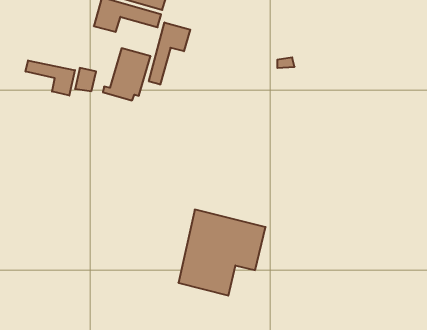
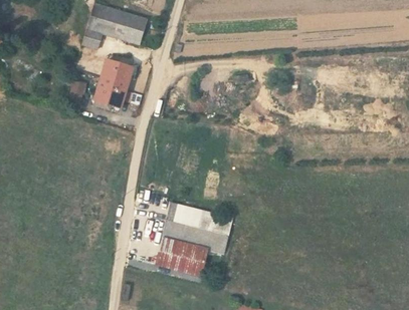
building: [149,22,190,85] -> none
building: [26,60,75,96] -> none

